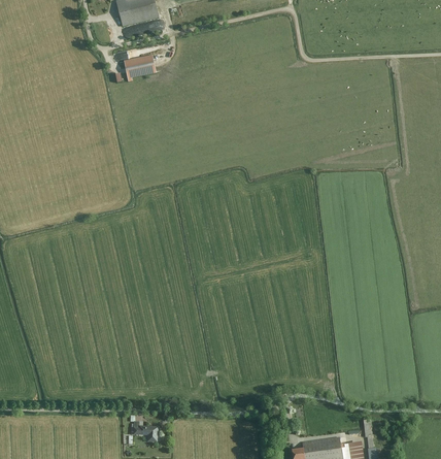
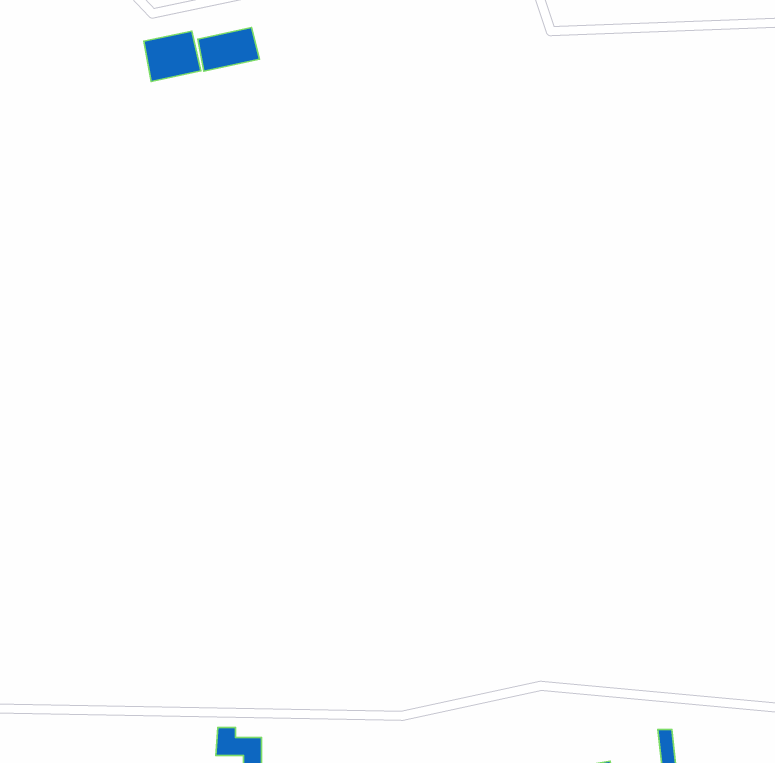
building: none -> [144,31,201,81]

